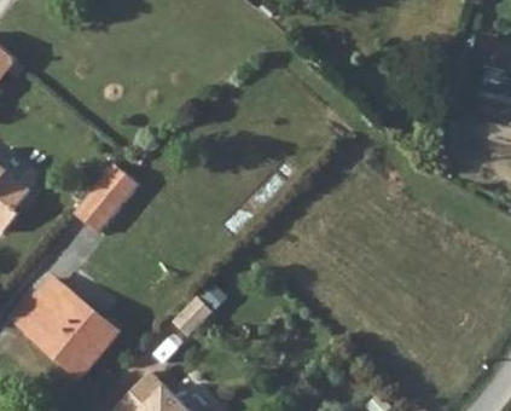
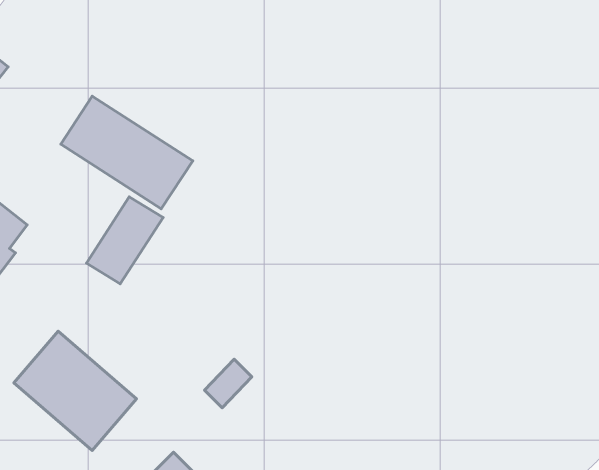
building: none -> [61,96,193,209]

